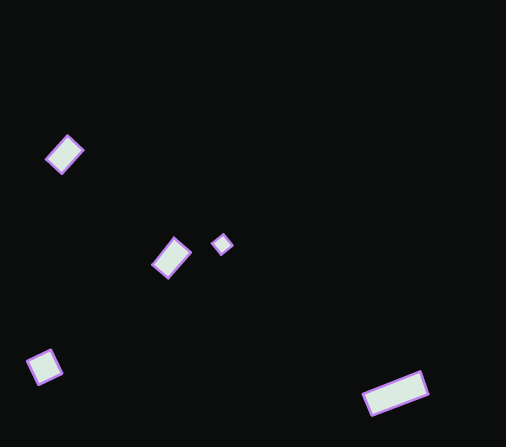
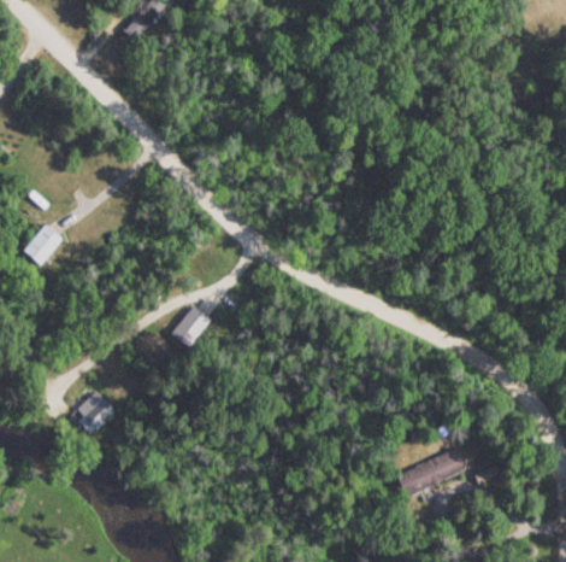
building: [46,136,83,174] -> [23,224,63,265]
building: [27,350,62,385] -> [76,392,113,429]

